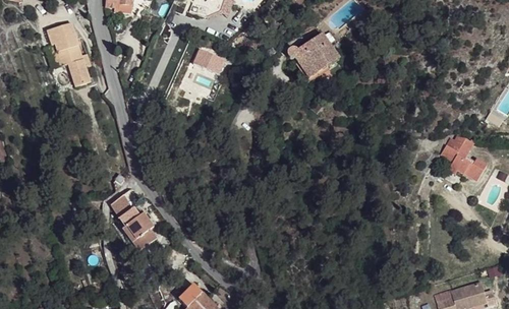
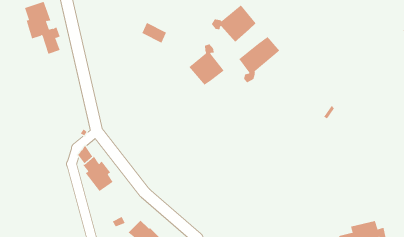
building: none -> [238,36,280,83]
building: none -> [189,43,225,85]
building: [441,131,485,174] -> none

